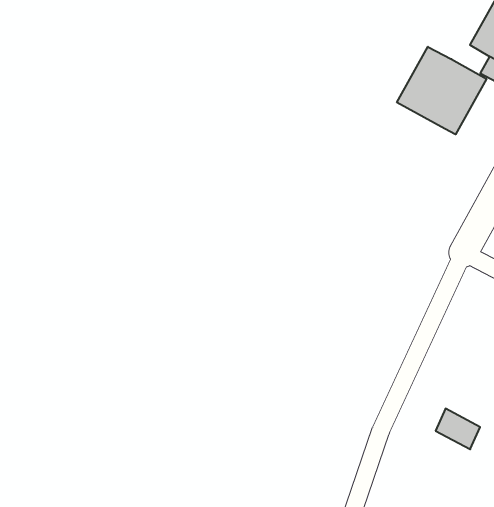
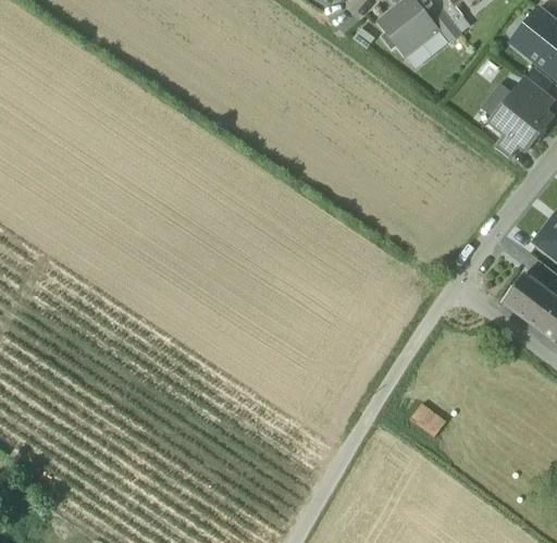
building: [397,47,486,134] -> none

